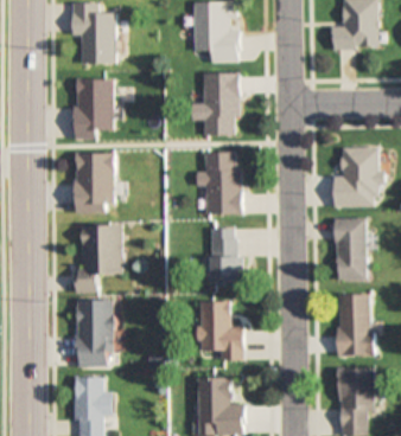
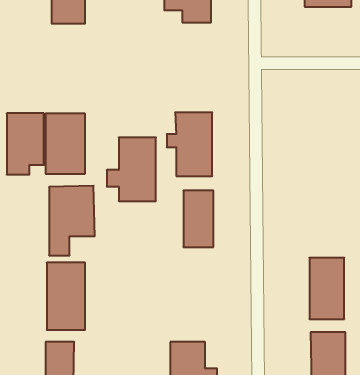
building: [190,72,238,135] -> [107,137,156,201]
building: [75,79,112,140] -> [7,113,44,175]
building: [332,148,378,209] -> none
building: [333,219,364,281] -> none
building: [198,301,243,361] -> none

